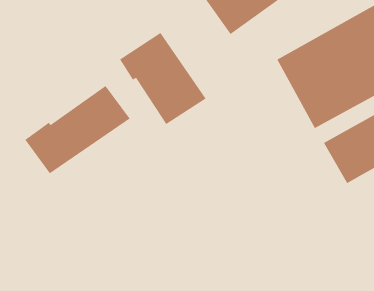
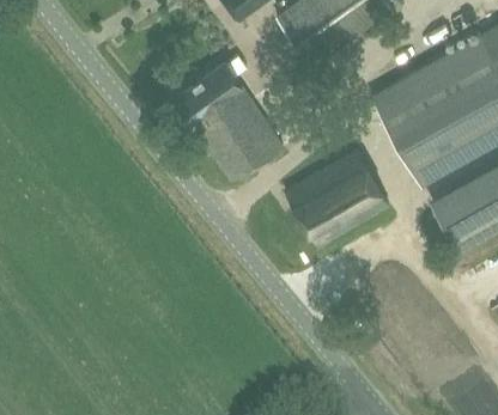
building: [25,85,131,174] -> none
building: none -> [286,153,389,249]

